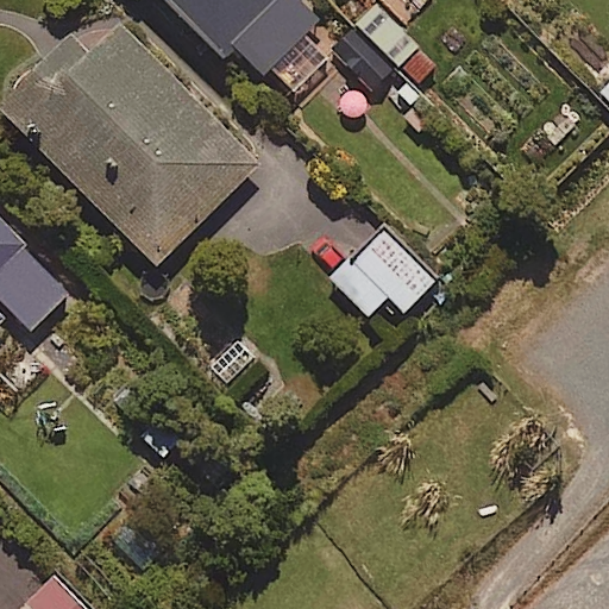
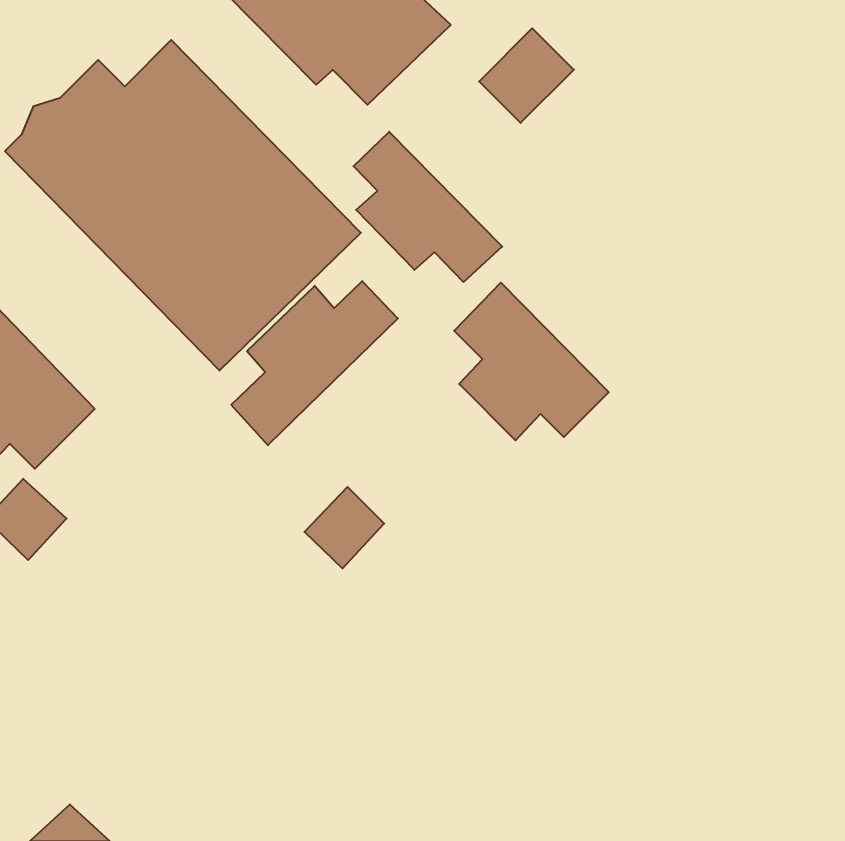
building: none -> [353,132,502,282]
building: none -> [231,281,398,445]

